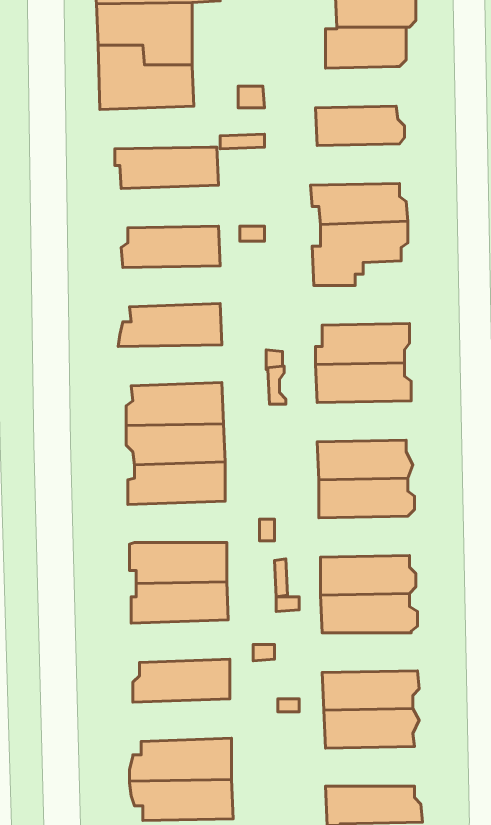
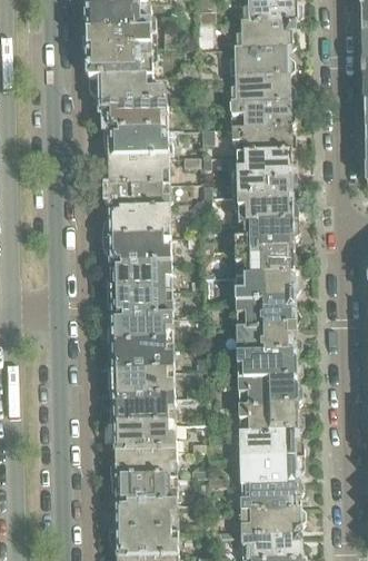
building: none -> [236,46,295,73]
building: none -> [90,72,165,101]
building: none -> [232,98,297,126]
building: none -> [105,126,170,155]
building: none -> [235,177,299,220]
building: none -> [105,180,171,208]
building: none -> [102,234,172,262]
building: none -> [237,272,301,299]
building: none -> [109,339,176,367]
building: none -> [238,350,304,377]
building: none -> [111,420,178,449]
building: none -> [240,429,305,455]
building: none -> [112,473,179,502]
building: none -> [242,505,307,532]

